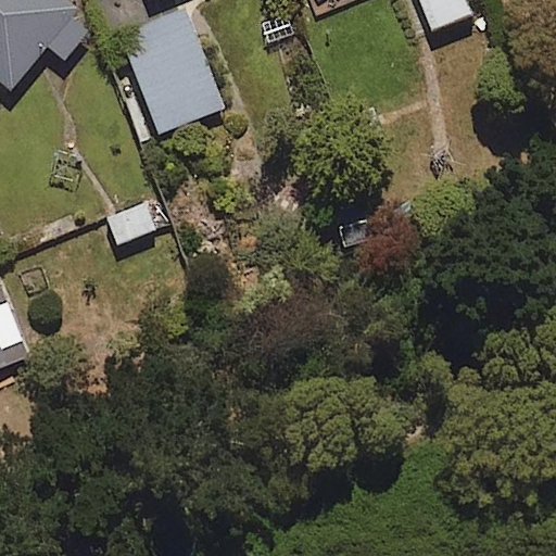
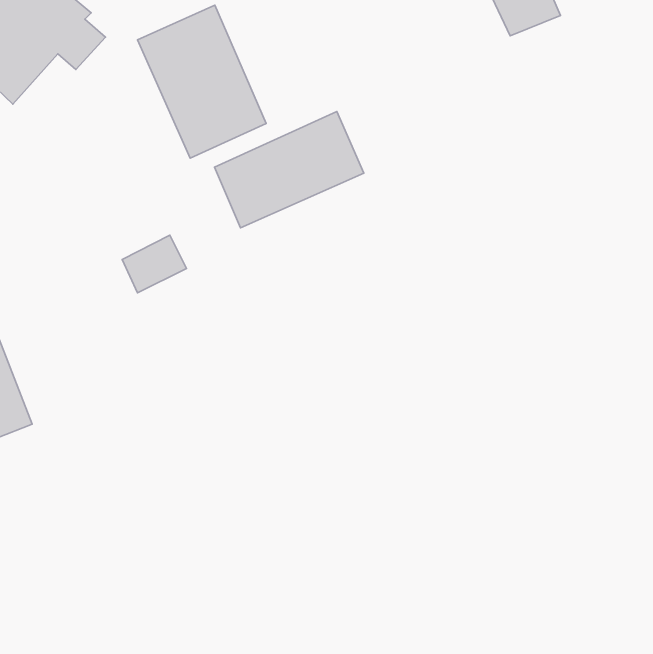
building: none -> [214,112,364,228]

